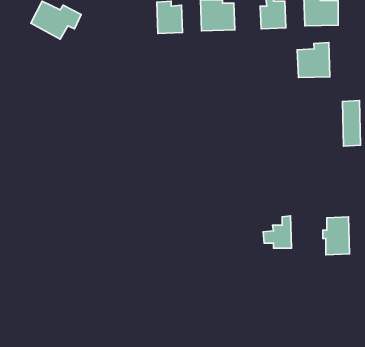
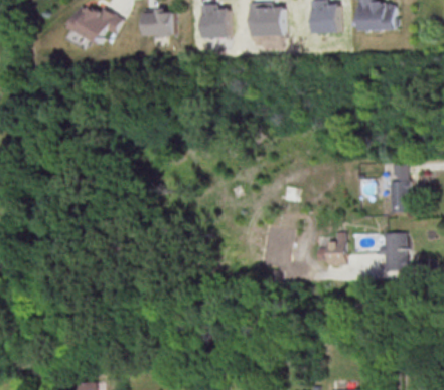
building: none -> [142,10,173,35]
building: [297,42,330,78] -> none
building: [343,101,361,146] -> [388,164,407,212]

